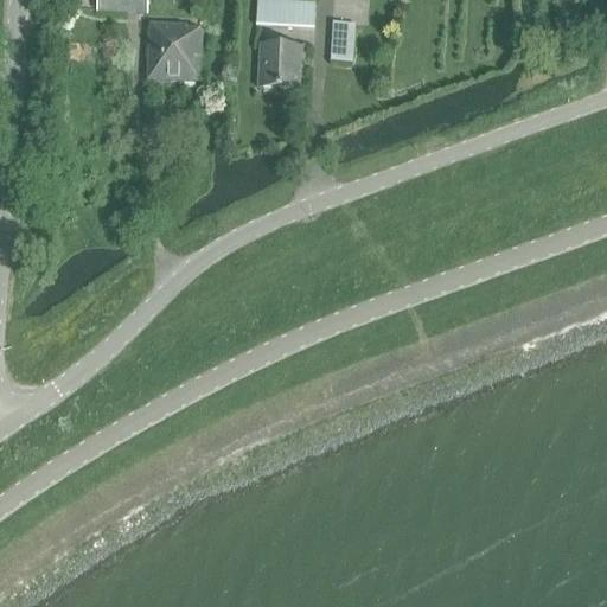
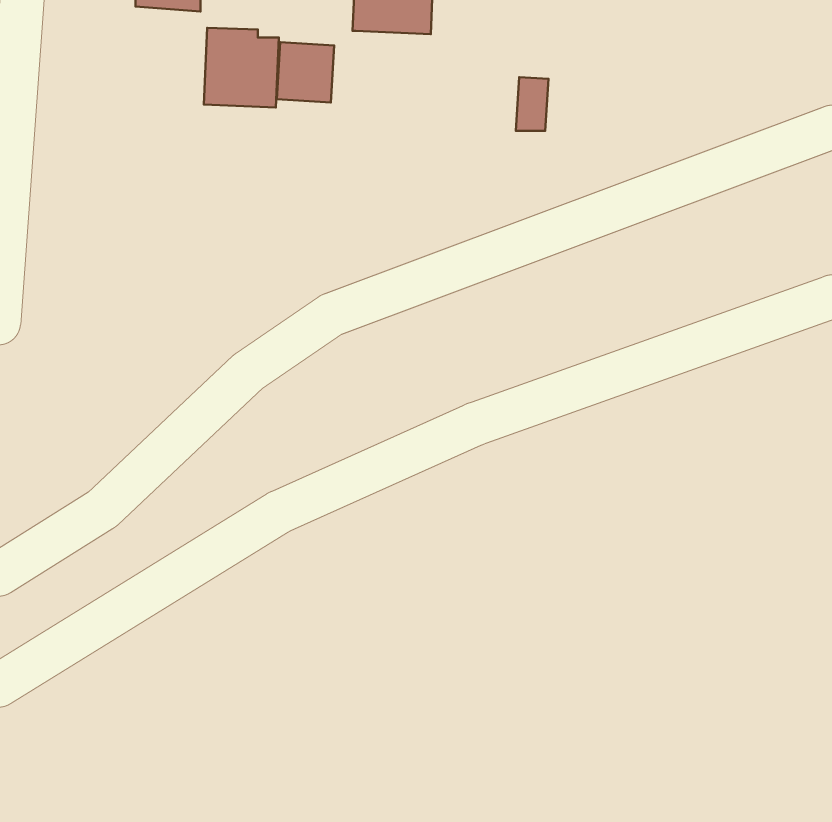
building: [330,17,353,56] -> [516,77,548,131]
building: [258,41,300,85] -> [277,42,334,103]

